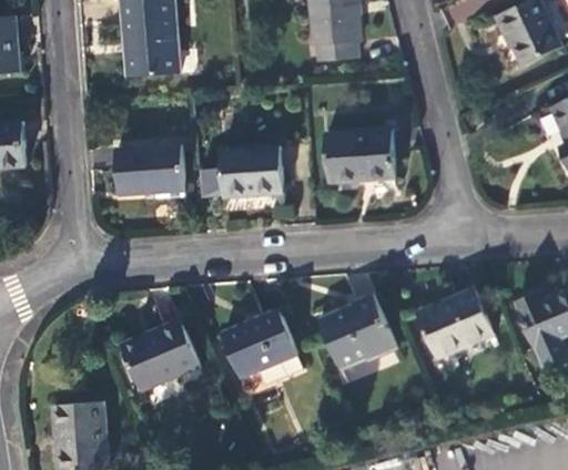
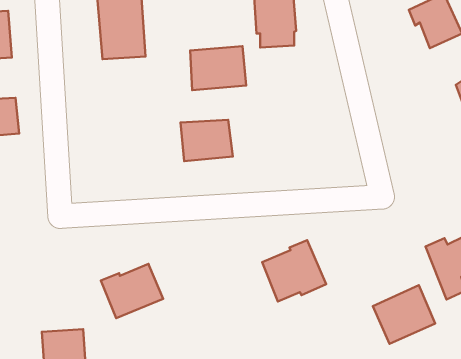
building: [325,129,393,182] -> [190,46,246,90]
building: [115,144,184,194] -> none
building: [417,288,493,359] -> [373,285,435,344]
building: [221,310,296,377] -> none

